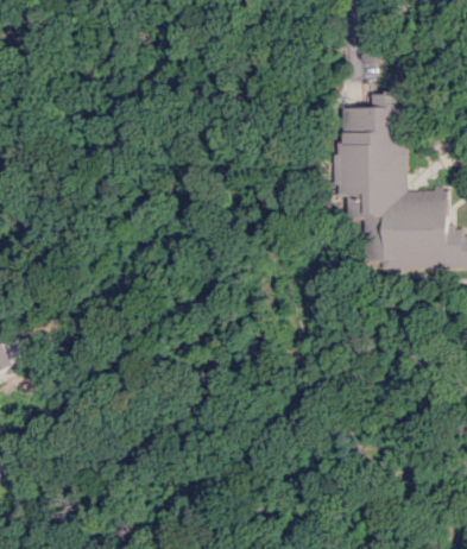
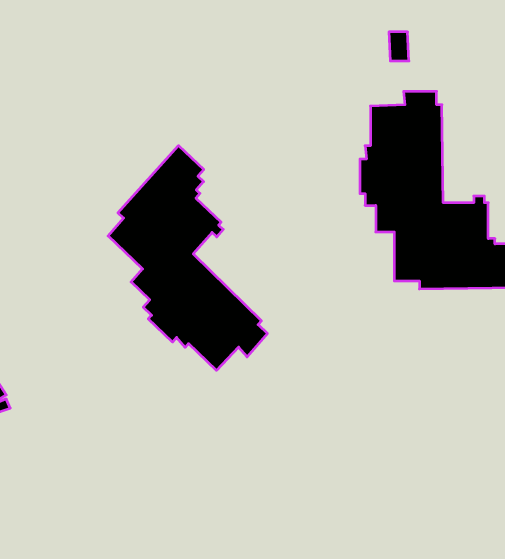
building: none -> [108,146,267,370]

